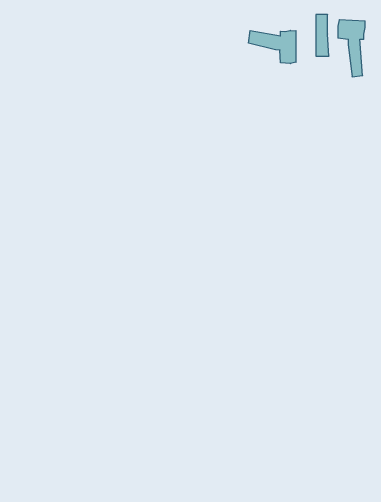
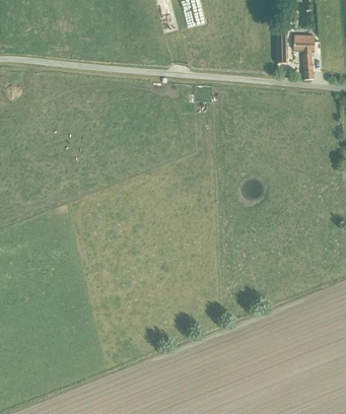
building: [249,30,296,64] -> none

